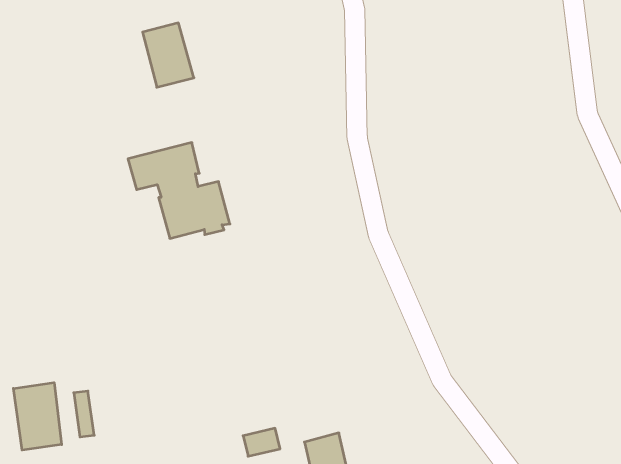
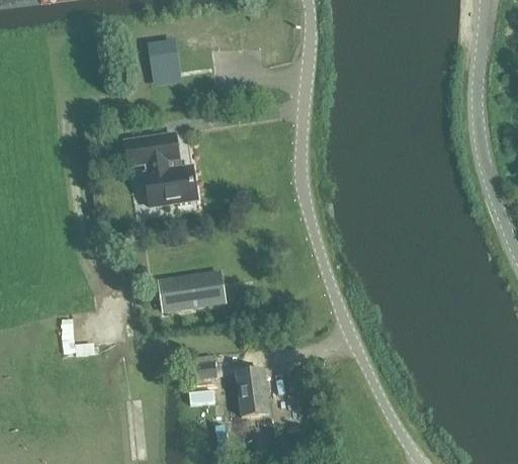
building: none -> [159,271,224,311]
building: [13,383,62,450] -> none

